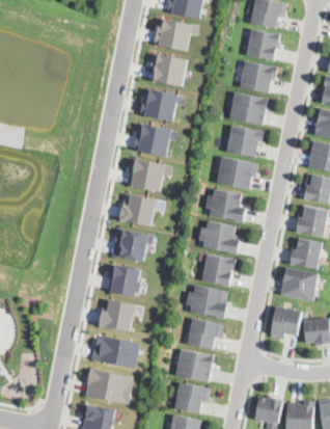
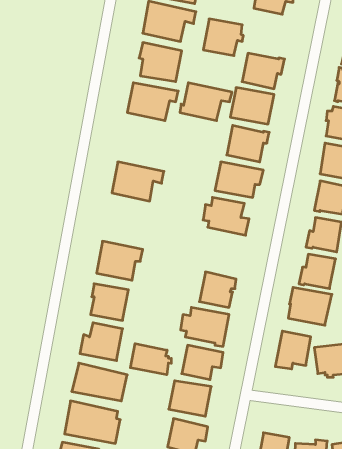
building: [246,28,281,60] -> [203,19,243,56]
building: [132,123,177,156] -> [180,83,232,121]
building: [119,193,156,226] -> none
building: [198,220,239,254] -> none
building: none -> [130,344,171,375]

